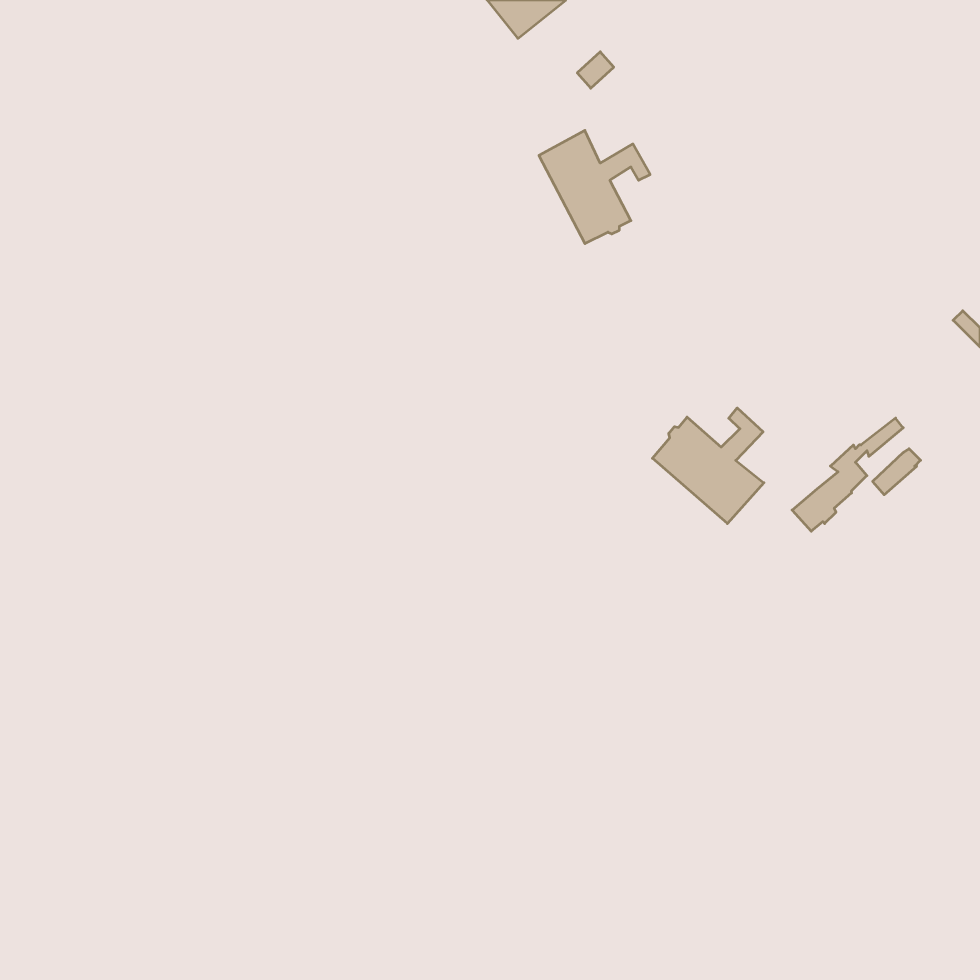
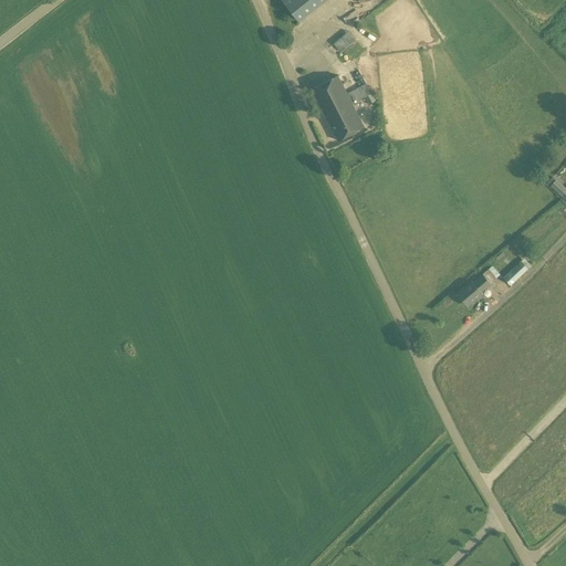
building: [652,408,764,524] -> none

